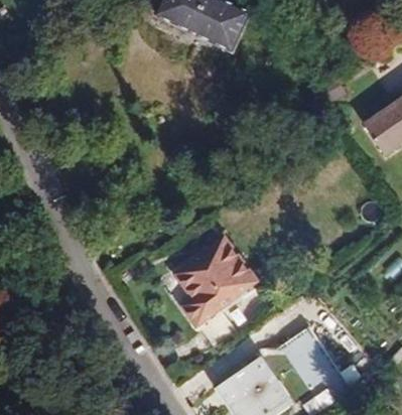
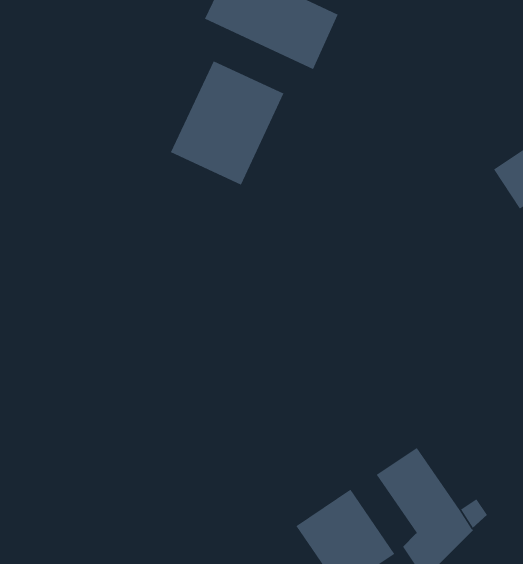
building: none -> [170,60,284,185]
building: [173,237,257,326] -> none

